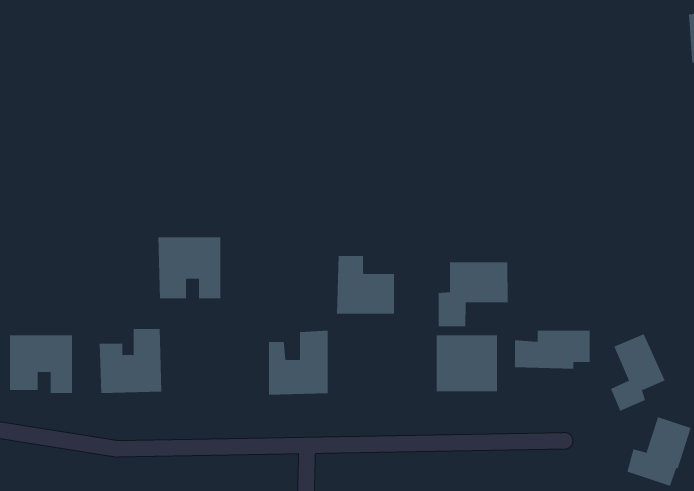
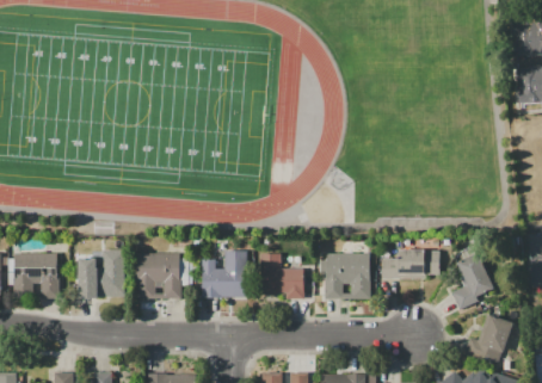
building: [158,237,221,299] -> [134,253,180,298]
building: [336,255,395,314] -> [259,254,302,297]
building: [438,261,508,327] -> none

